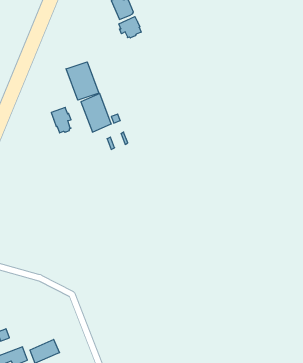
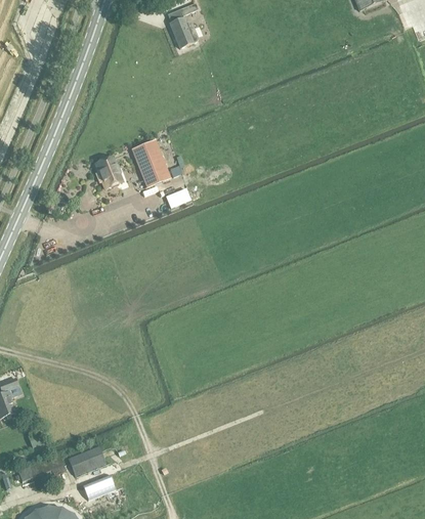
building: [119,17,141,38] -> none
building: [66,62,99,100] -> none

